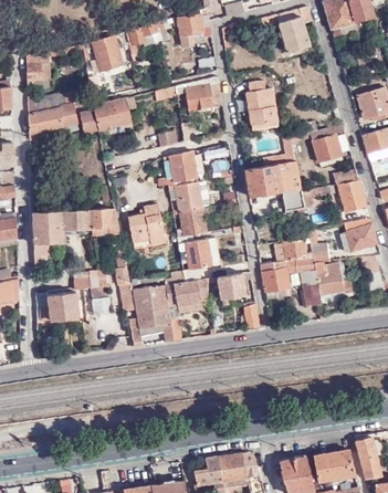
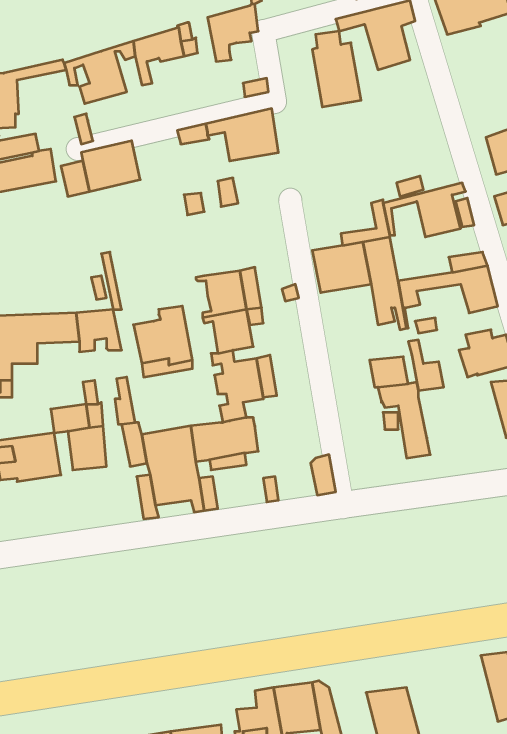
building: [247,82,279,132] -> [312,31,361,107]
building: [167,153,197,188] -> none
building: [260,260,290,293] -> none
building: [314,262,353,293] -> none
building: [206,273,251,301] -> none
building: [315,450,357,481] -> none

